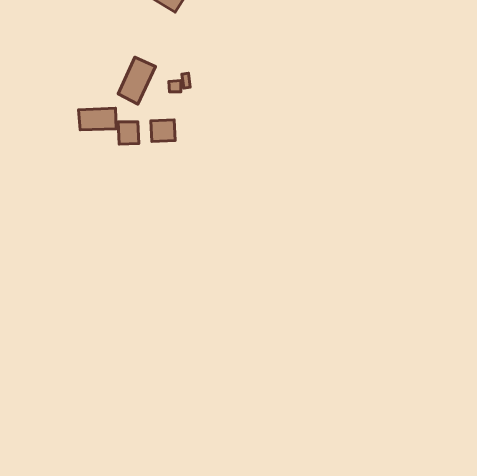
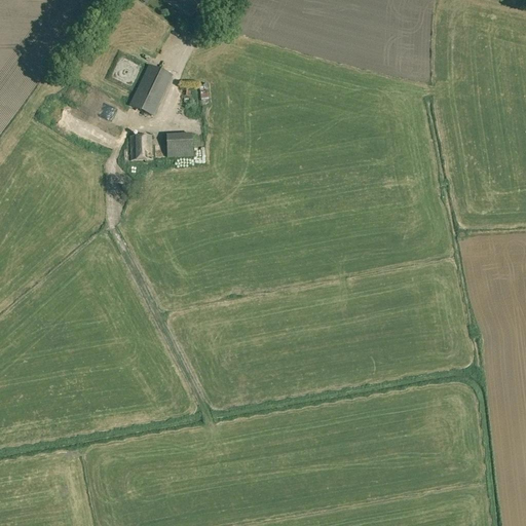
building: [79,108,116,130] -> none

